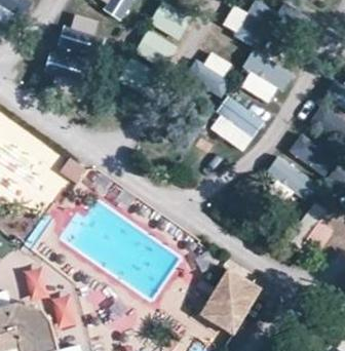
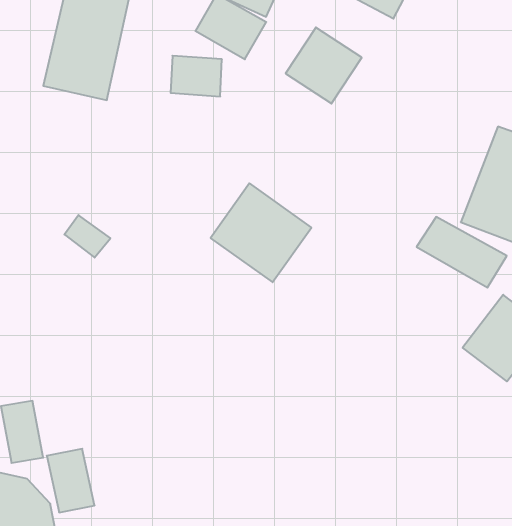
building: [236,52,291,106] -> none
building: [206,95,265,153] -> [211,183,311,282]
building: [203,267,264,334] -> none

